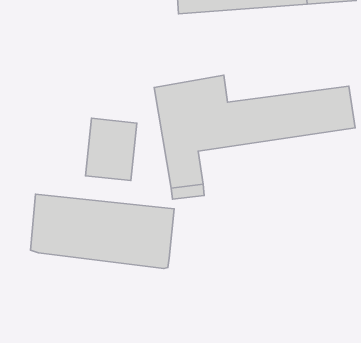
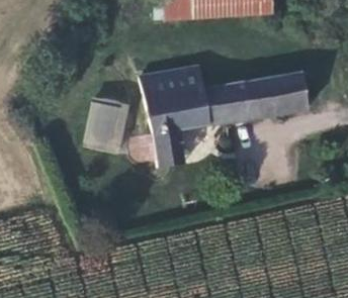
building: [30,194,174,268] -> none

